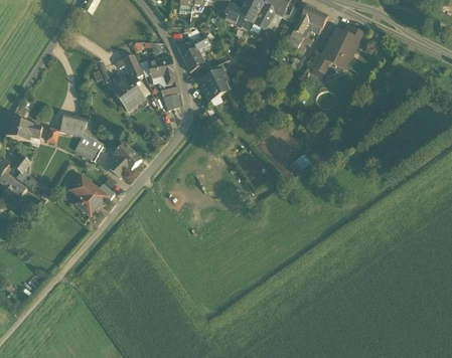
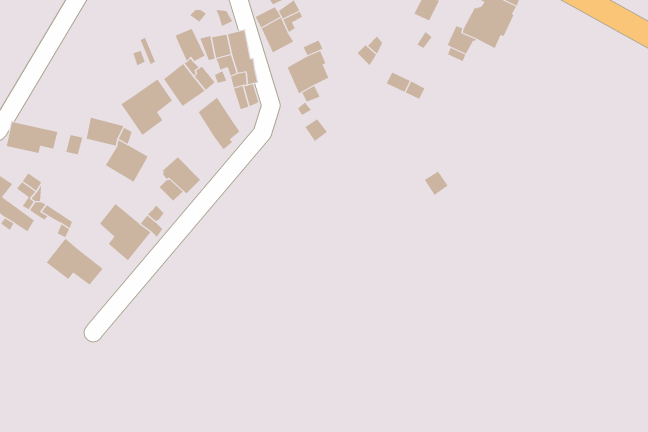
building: none -> [120,78,173,136]
building: none -> [198,97,240,150]
building: none -> [46,238,104,286]

